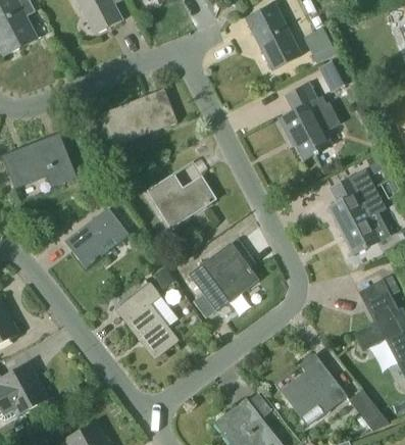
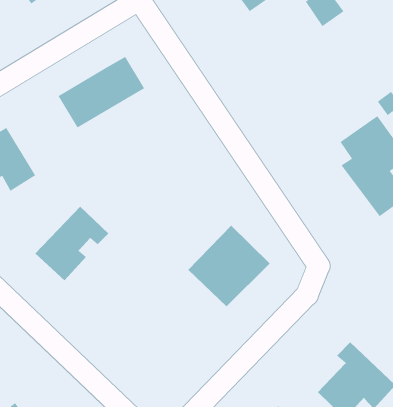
building: [280,84,341,159] -> none
building: [147,172,217,229] -> none
building: [121,284,178,358] -> none

